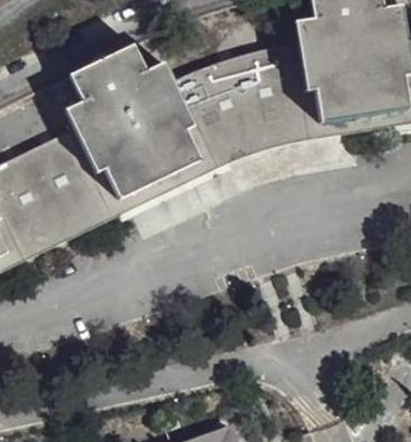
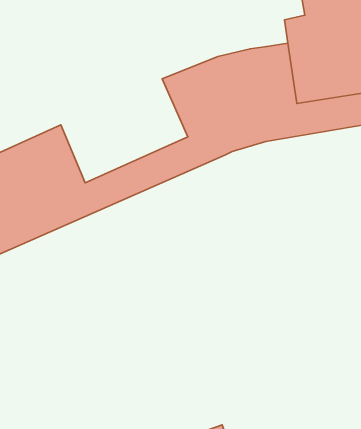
building: [58,43,195,188] -> none

